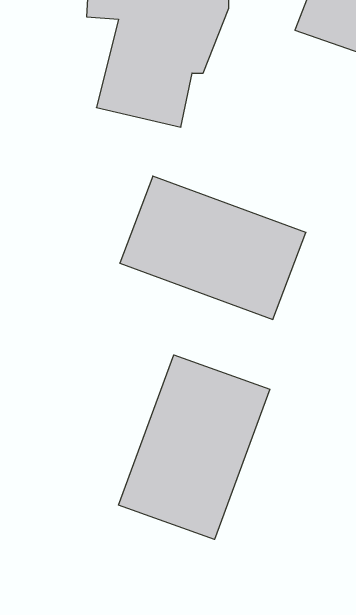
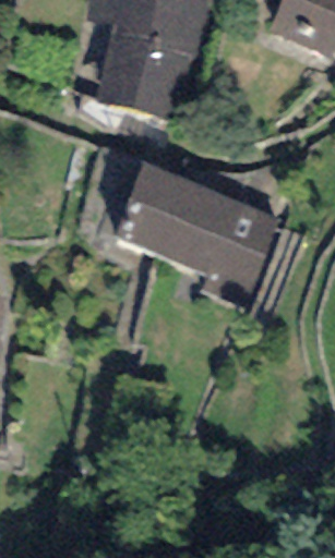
building: [119,355,270,539] -> none

